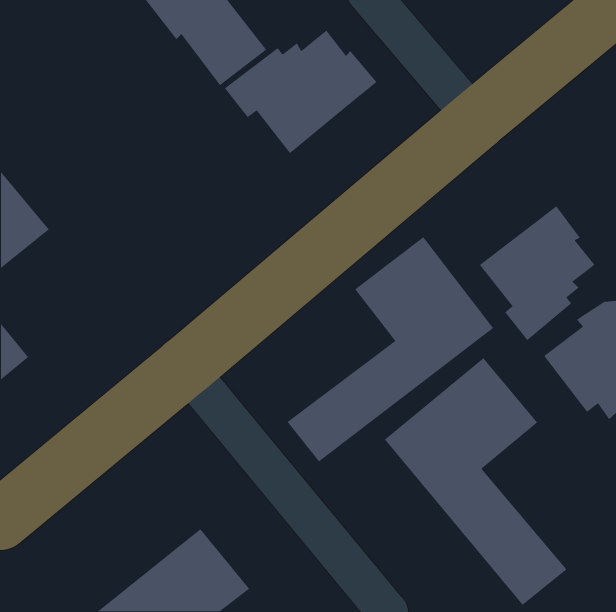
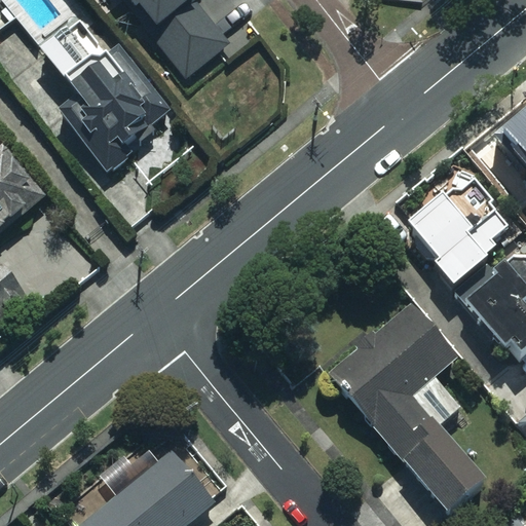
building: none -> [42,20,176,171]
building: [224,30,378,154] -> none
building: [287,236,494,463] -> none

